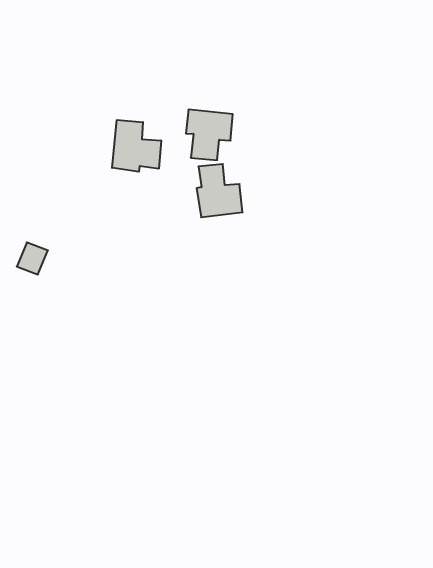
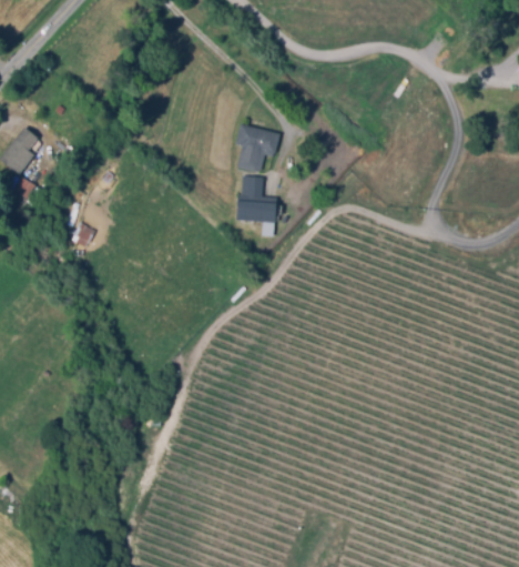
building: [112,120,161,172] -> none

